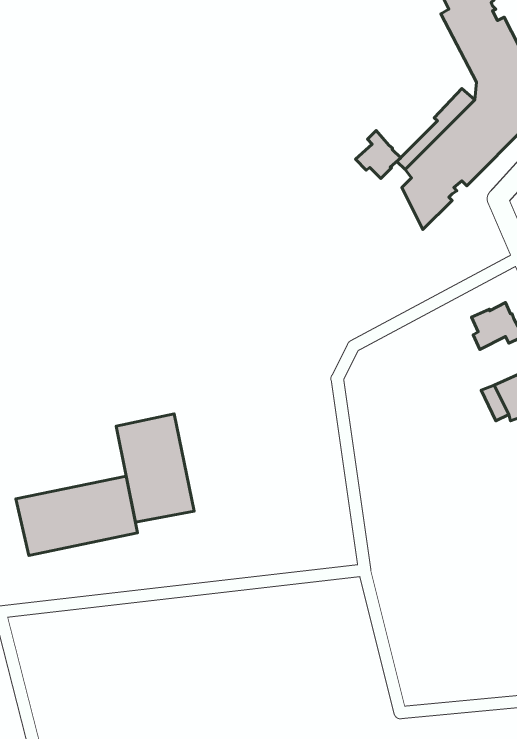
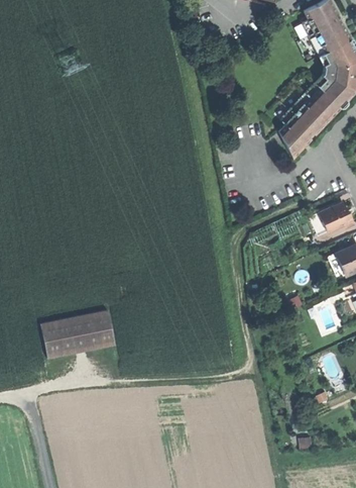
building: [355,130,401,178] -> none
building: [116,414,194,522] -> none

